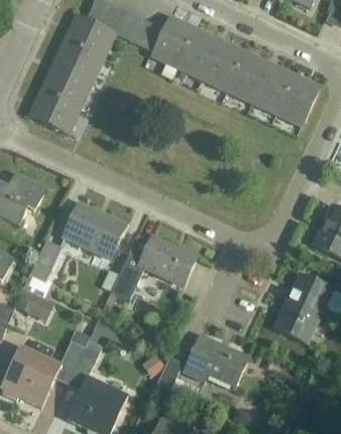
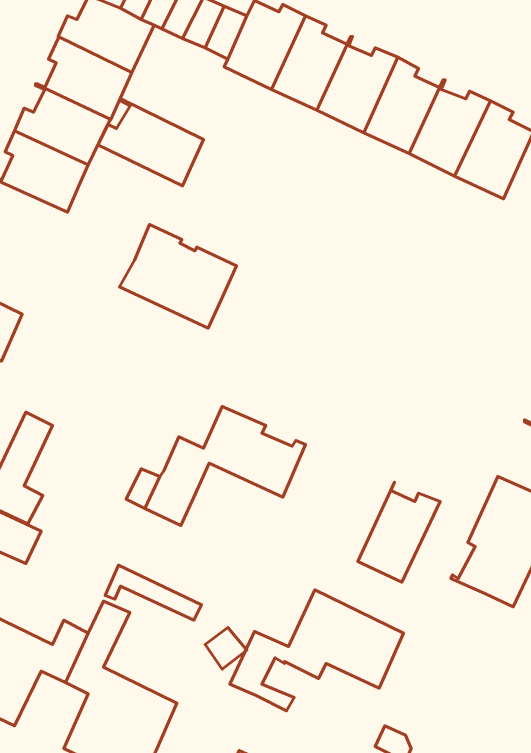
building: none -> [98,99,203,186]
building: [63,202,125,258] -> [119,224,236,328]
building: none -> [358,482,440,582]

